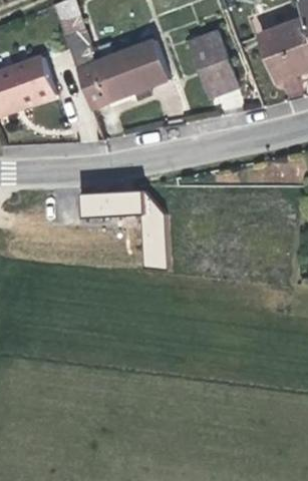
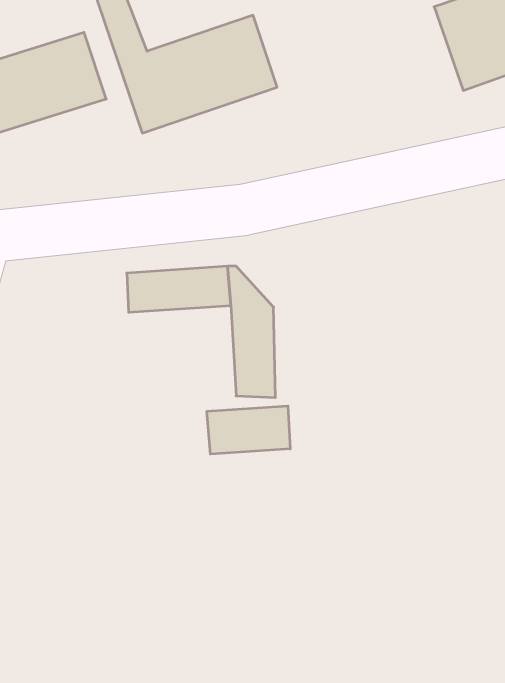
building: [189,38,237,106] -> none
building: none -> [207,406,290,454]

